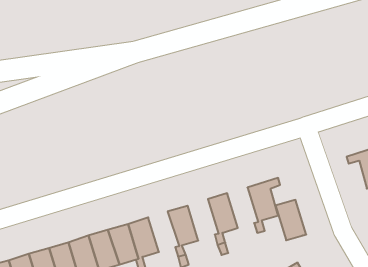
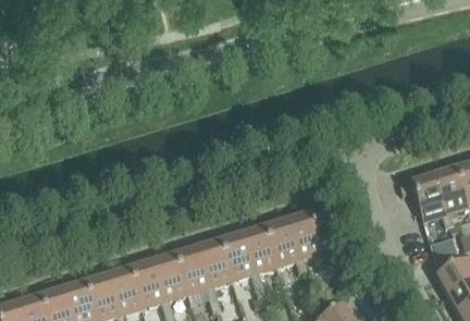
building: none -> [220,231,255,277]
building: [275,200,306,240] -> [264,218,299,263]
building: none -> [175,245,210,291]

